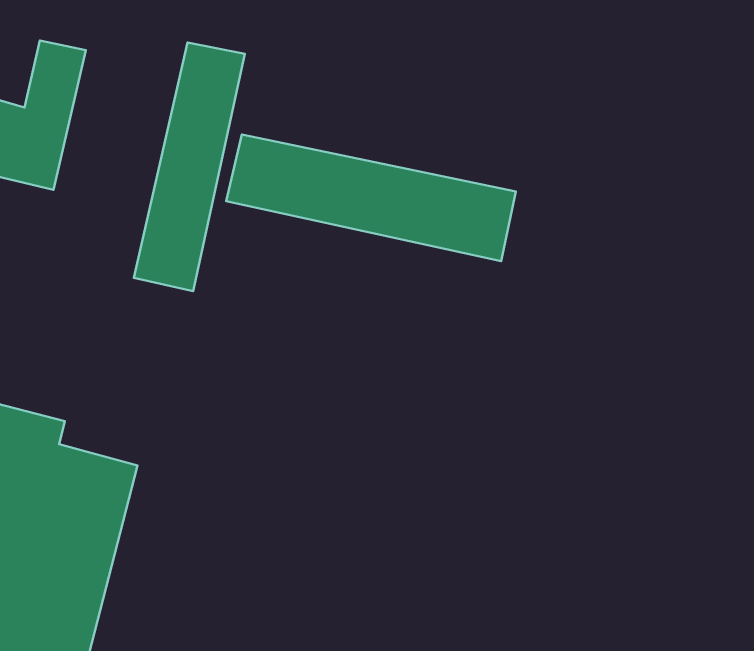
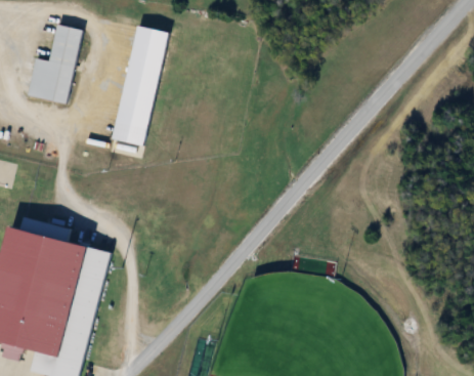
building: [226,135,516,261] -> none

